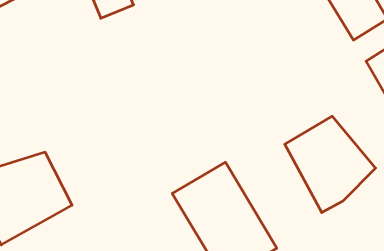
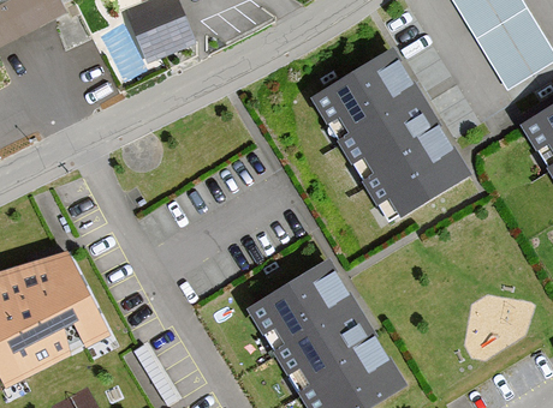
building: none -> [315,53,464,221]
building: [285,116,376,213] -> none

